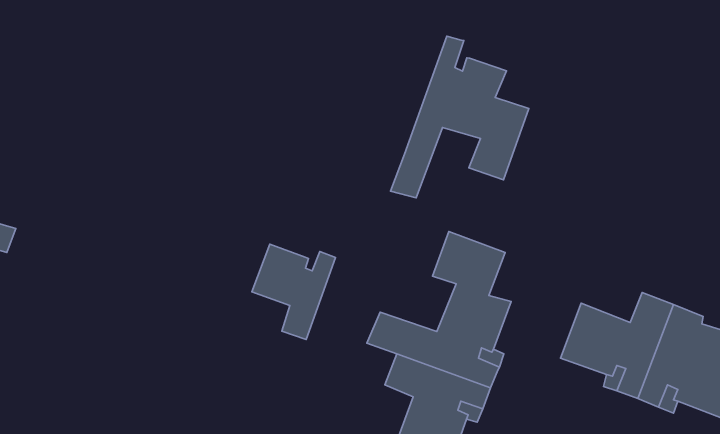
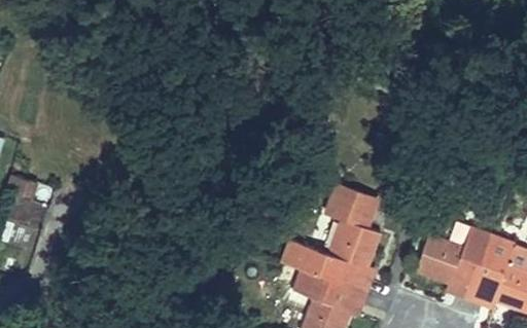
building: [391,36,529,198] -> none
building: [252,244,336,339] -> none

